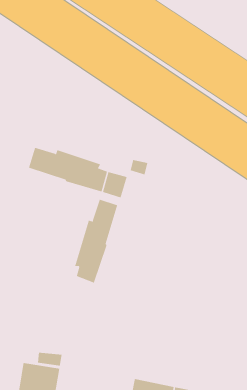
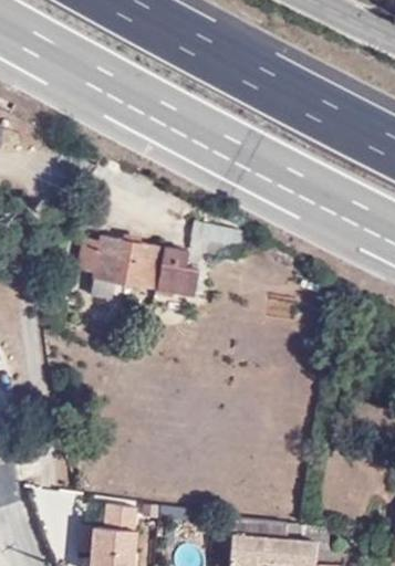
building: [75,199,118,283] -> none

